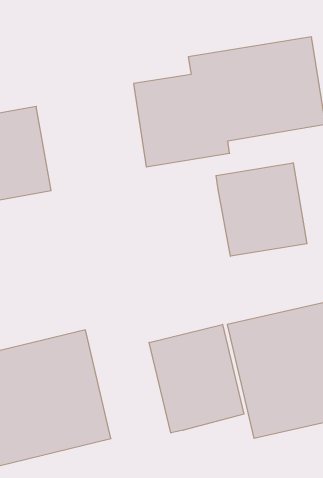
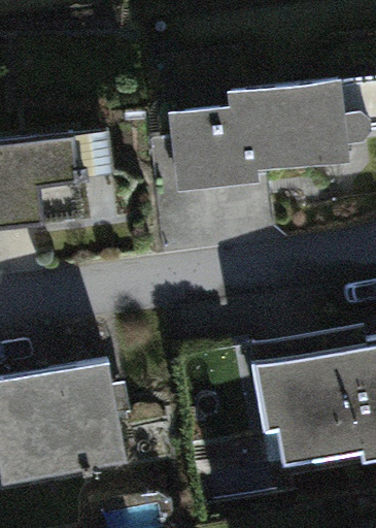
building: [216,163,307,256] -> none
building: [149,324,244,433] -> none

